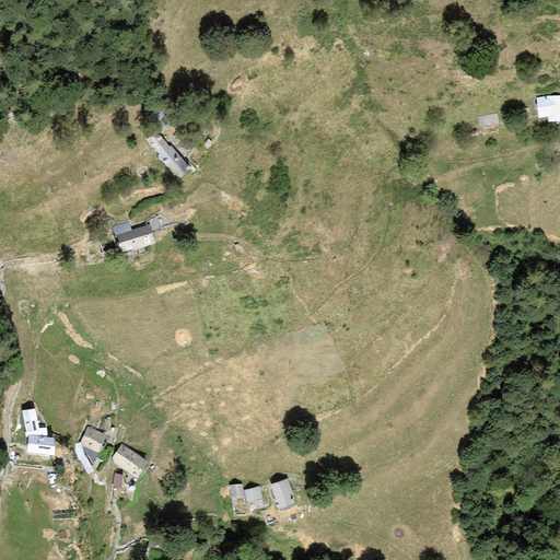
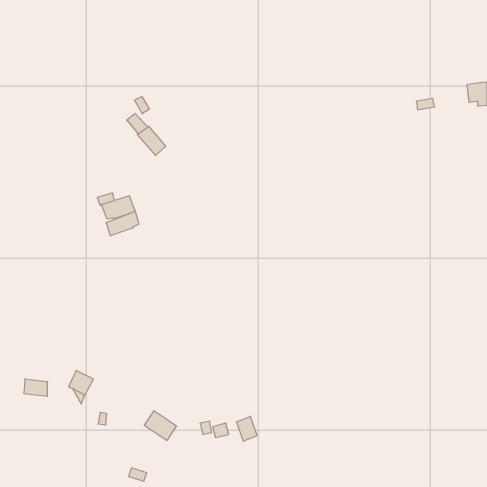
building: none -> [106,211,139,236]
building: [22,408,47,436] -> none
building: [110,443,148,477] -> [144,411,177,440]

